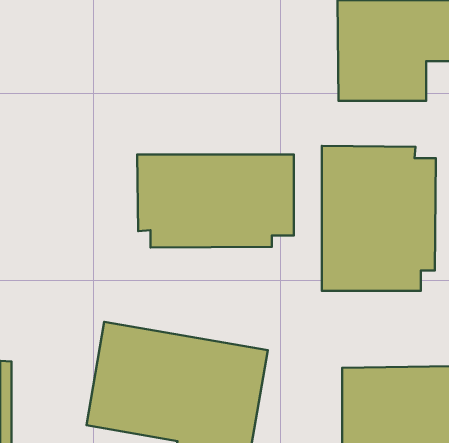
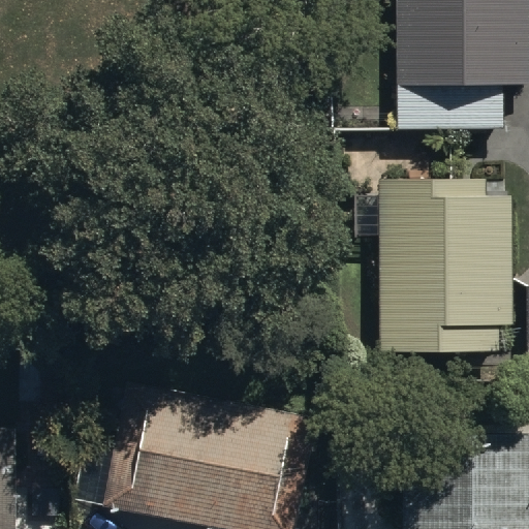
building: [137,154,294,248] -> none

